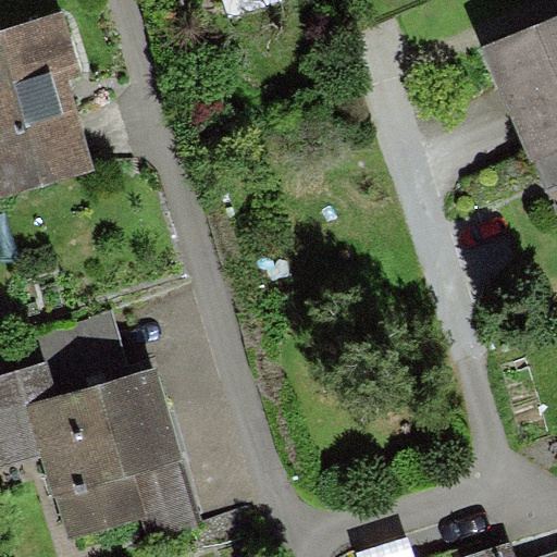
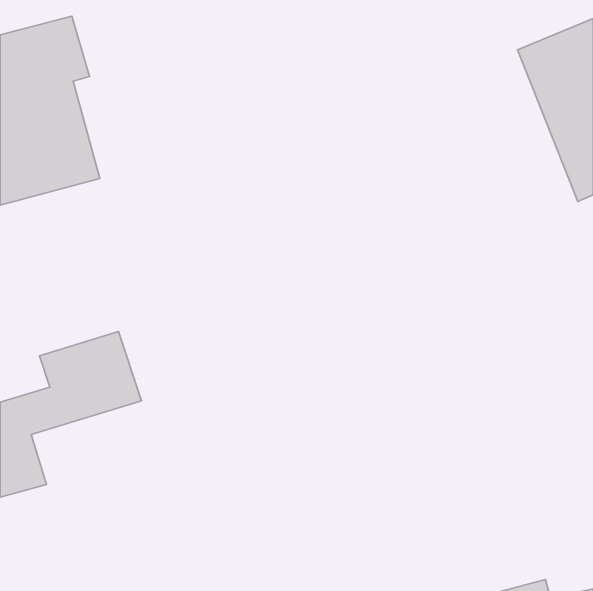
building: [29,372,199,542] -> none

